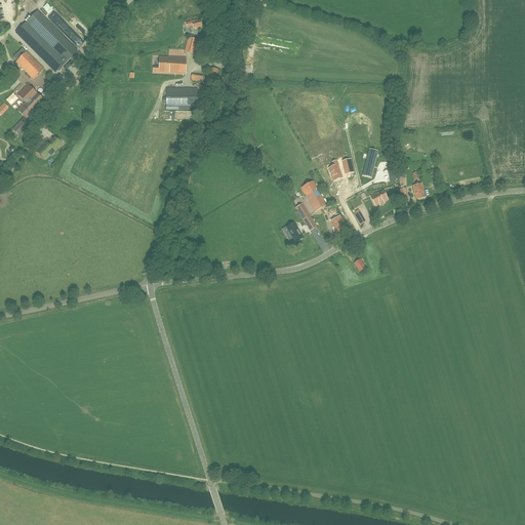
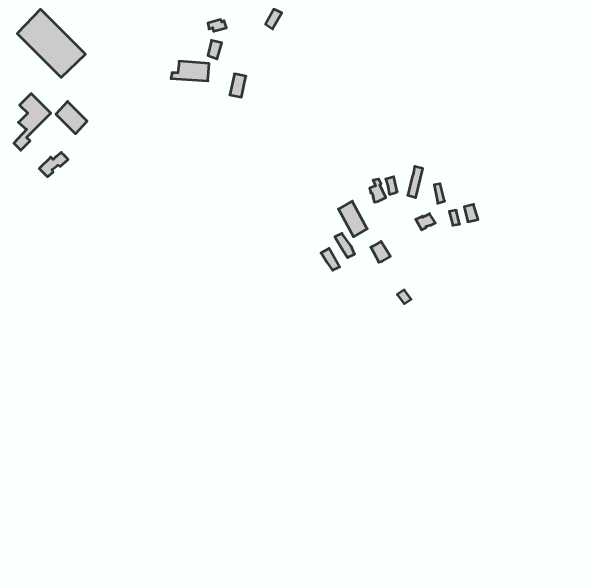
building: [15,49,43,78] -> [56,101,87,134]
building: [162,86,196,108] -> none

